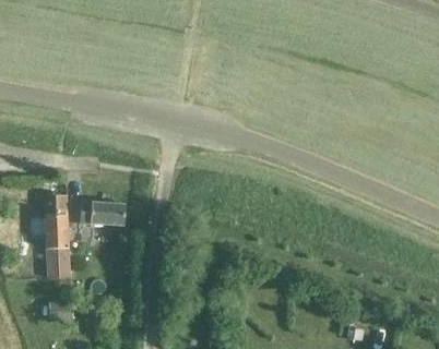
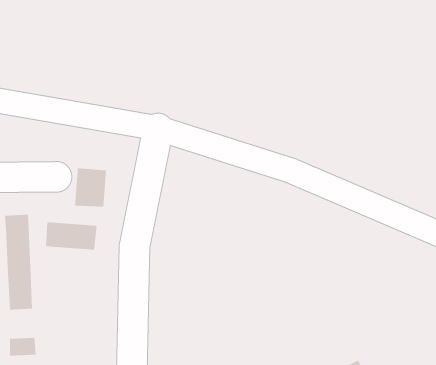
building: none -> [75,167,106,208]

